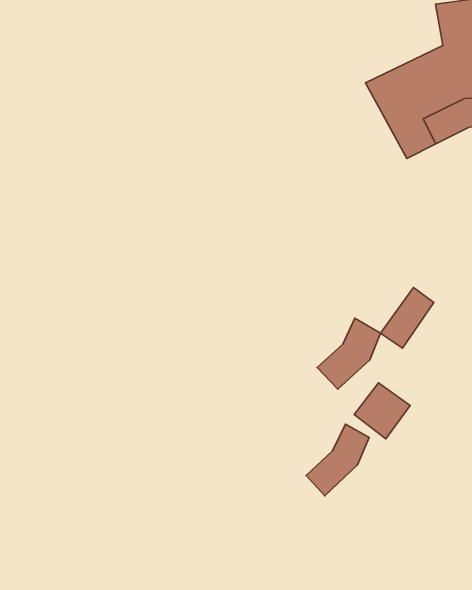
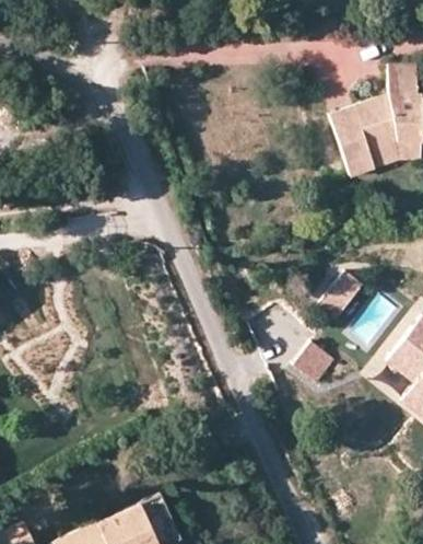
building: [317,318,380,389] -> none
building: [306,424,369,496] -> none

